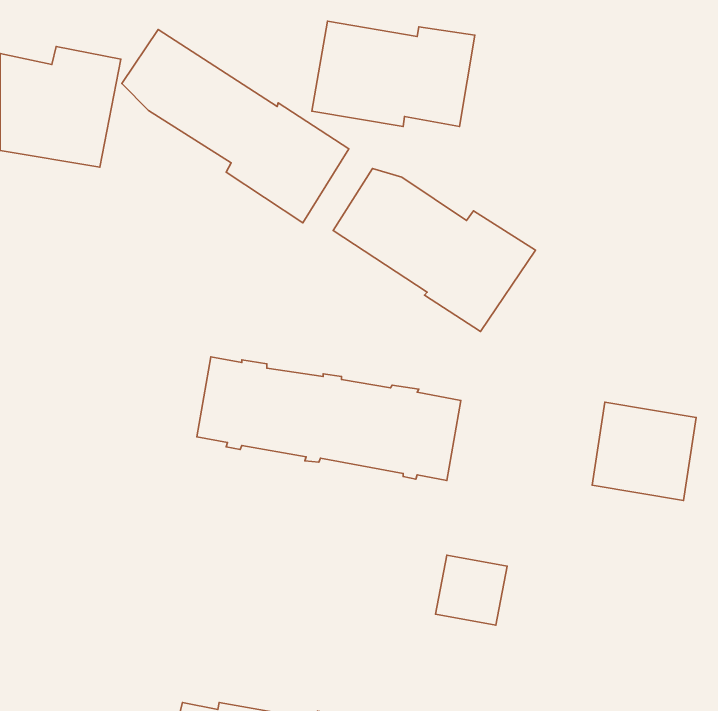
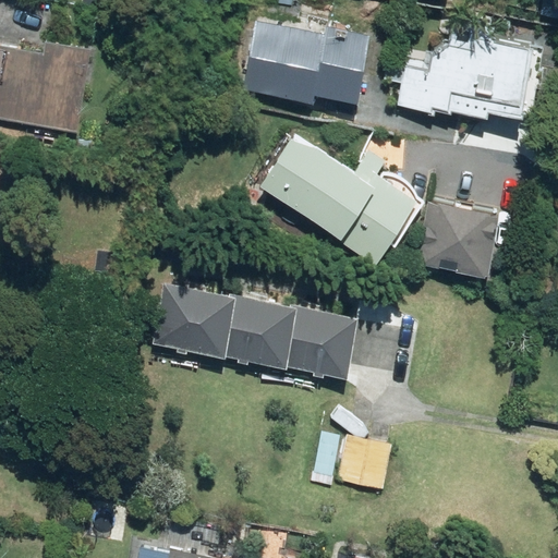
building: none -> [391,21,543,117]
building: [122,30,349,223] -> none
building: [592,402,696,501] -> [417,201,498,277]

